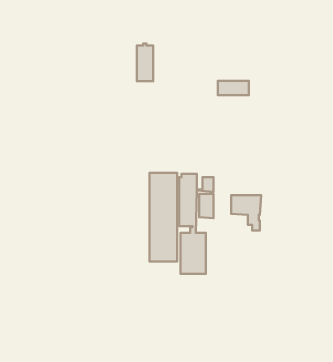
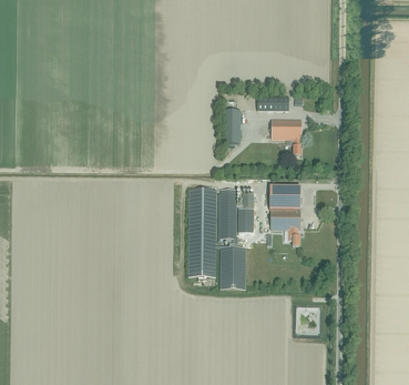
building: [137,43,153,81] -> [223,107,239,144]
building: none -> [270,119,300,154]
building: none -> [269,185,300,210]

